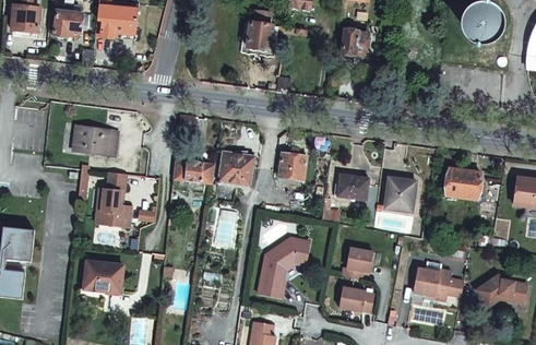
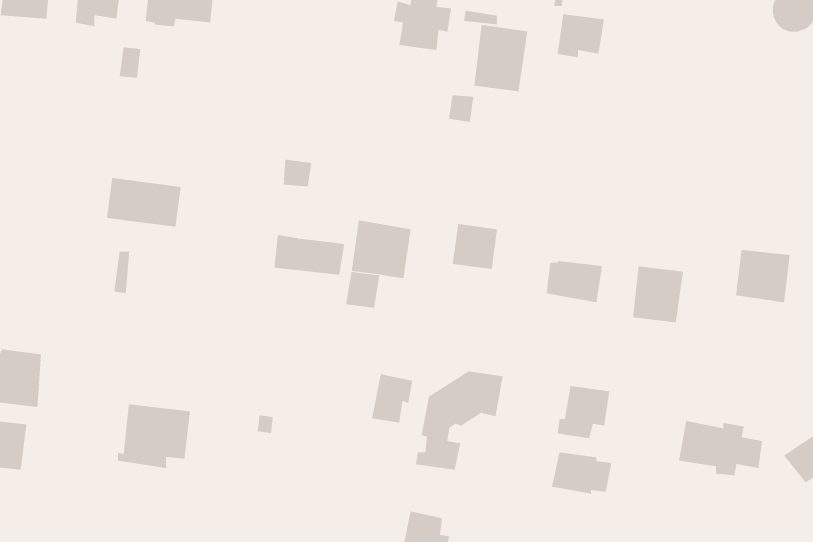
building: none -> [474,24,528,92]
building: [94,171,132,226] -> none
building: none -> [371,374,413,423]

